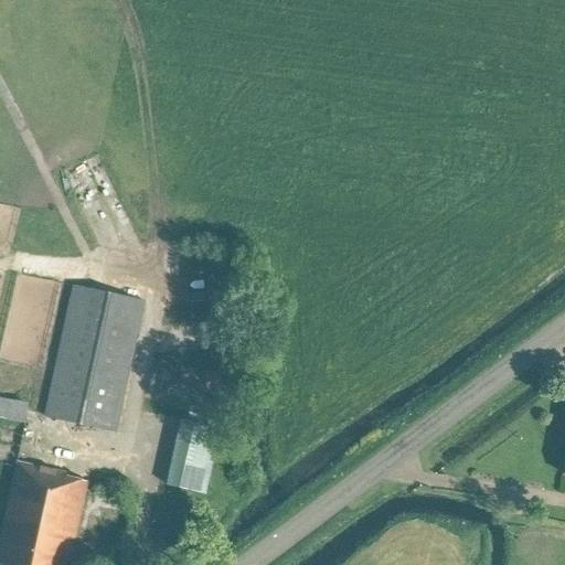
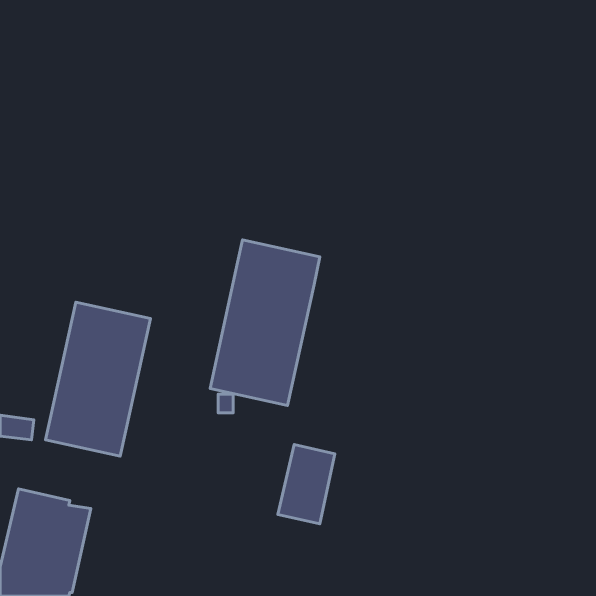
building: none -> [210,240,320,405]
building: [172,416,226,491] -> [278,445,335,524]

